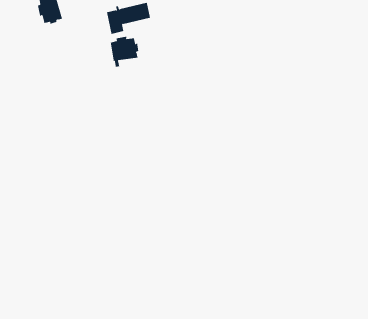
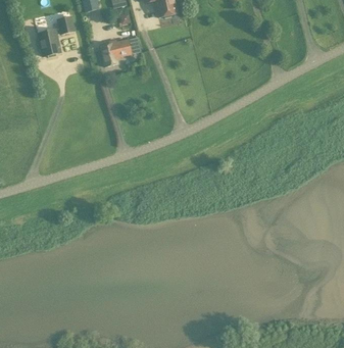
building: [110,36,139,67] -> none

